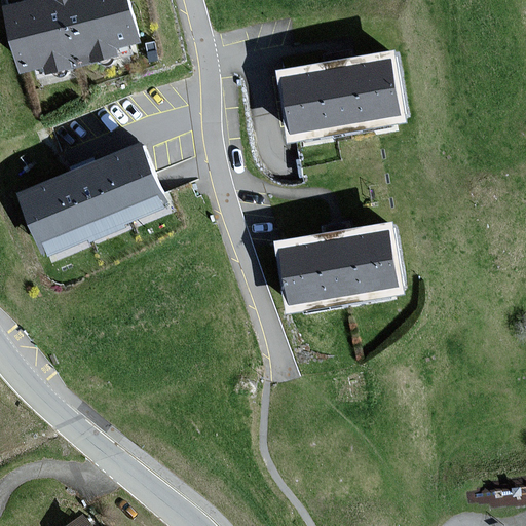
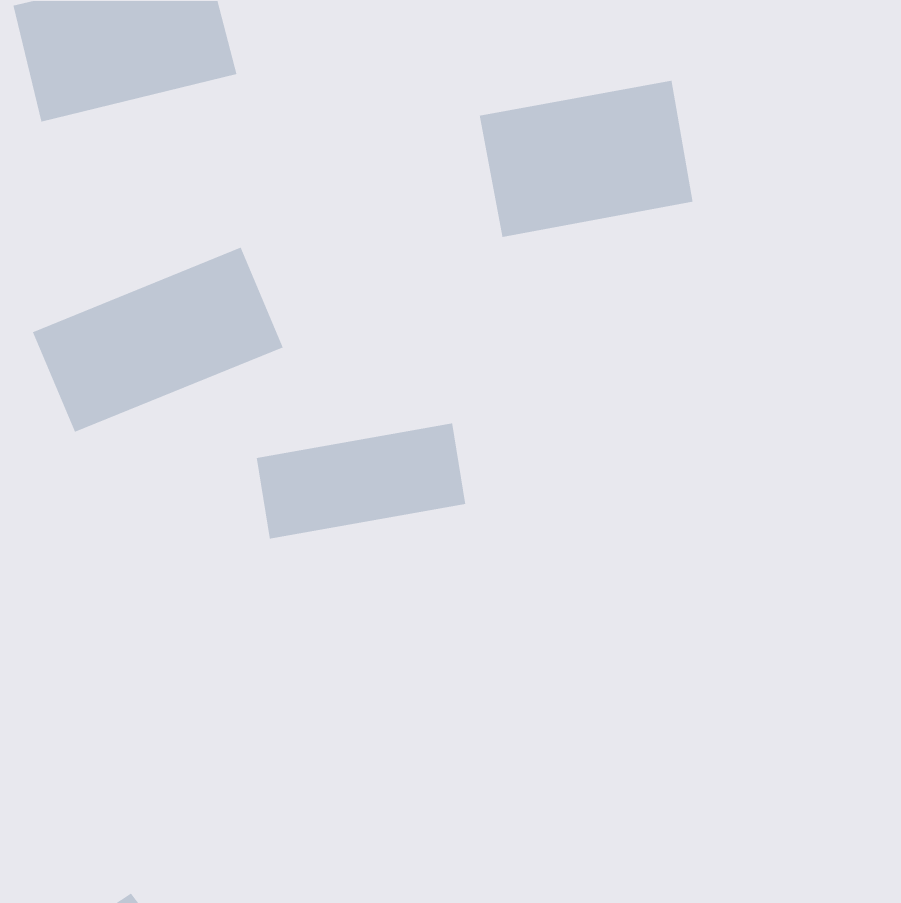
building: [270,219,399,312] -> none
building: none -> [256,423,466,539]

